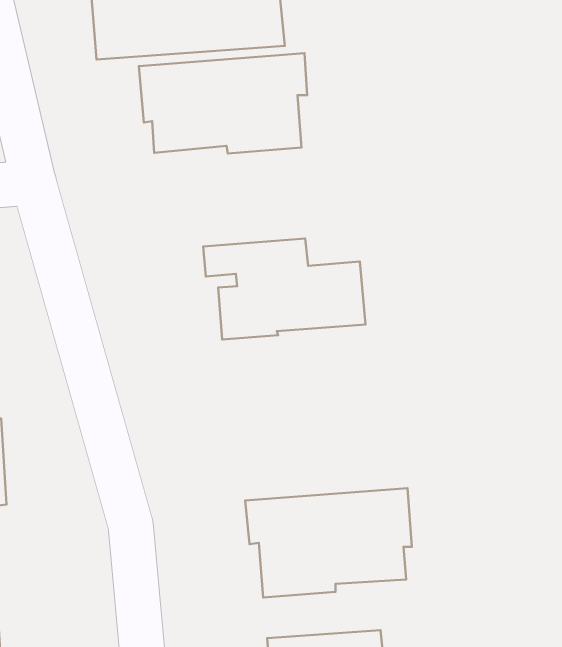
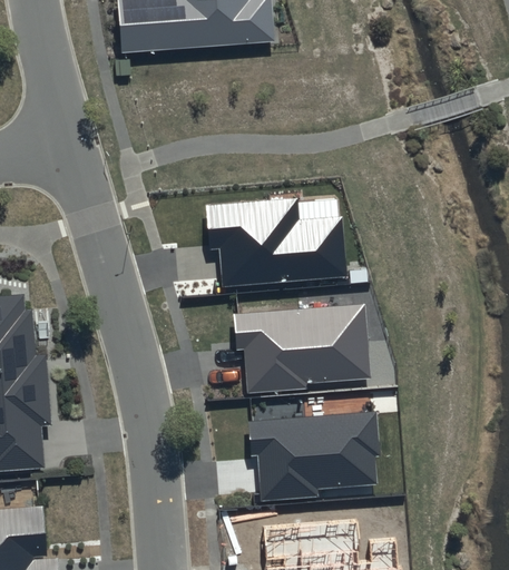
building: [139,53,307,153] -> none
building: none -> [232,304,368,392]

